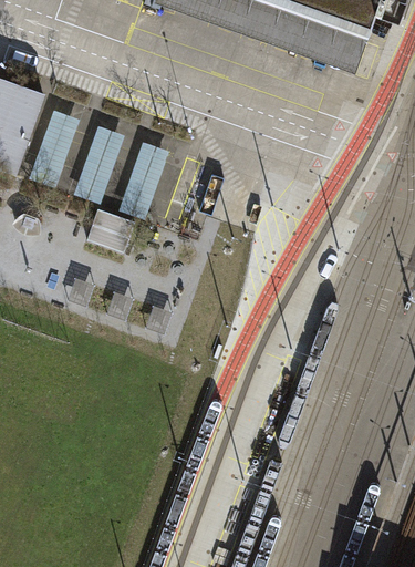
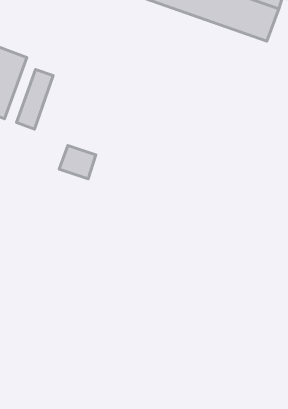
building: [76,124,124,202] -> none
building: [121,138,168,216] -> none

